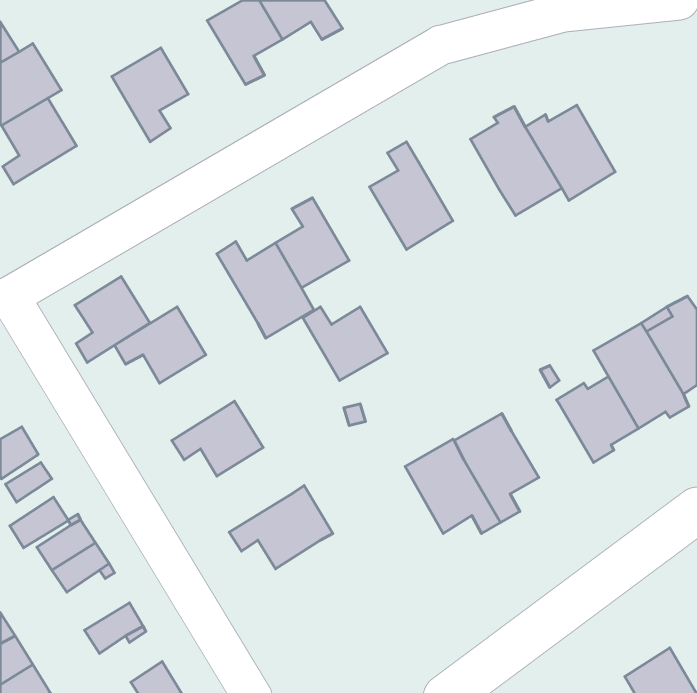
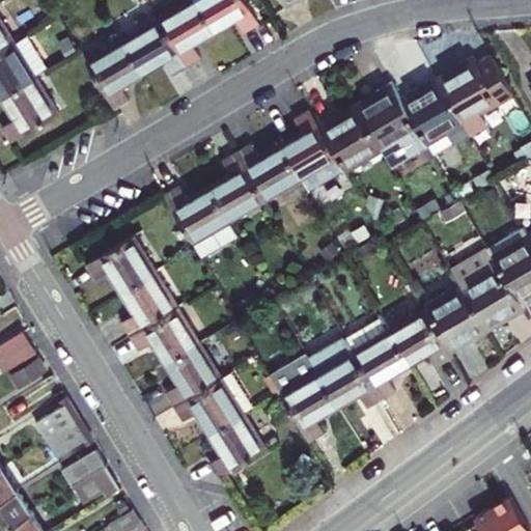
building: none -> [122,19,187,76]
building: none -> [439,56,513,134]
building: none -> [318,109,380,173]
building: [75,276,150,362] -> [121,273,178,338]
building: [303,307,387,381] -> [237,145,302,201]
building: none -> [389,310,453,367]
building: none -> [165,343,222,408]
building: none -> [271,356,337,443]
building: [10,497,69,548] -> [54,444,99,482]
building: none -> [209,414,266,480]

